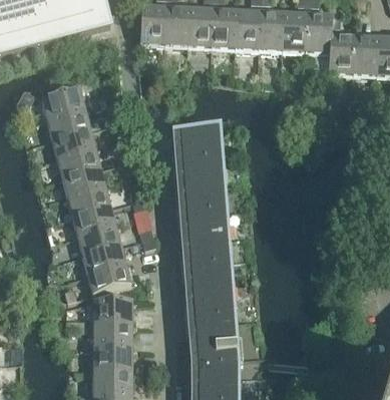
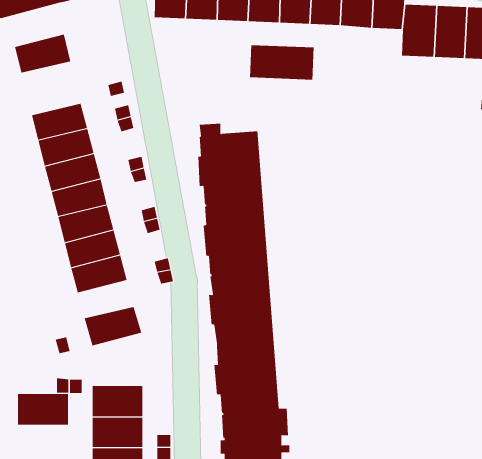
building: none -> [249,44,314,81]
building: [41,87,84,117] -> [14,34,71,73]
building: [81,243,124,272] -> none
building: [92,299,131,323] -> [17,394,69,425]

